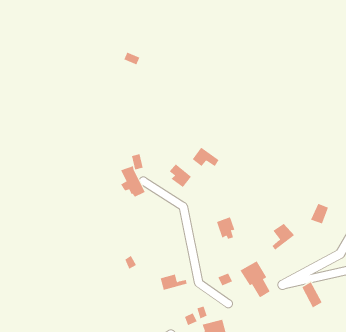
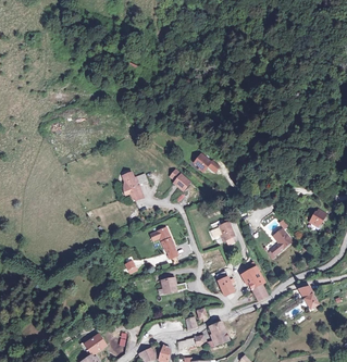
building: none -> [149,225,178,260]

